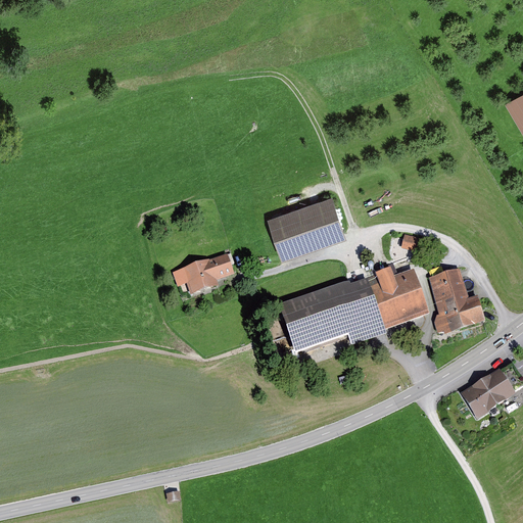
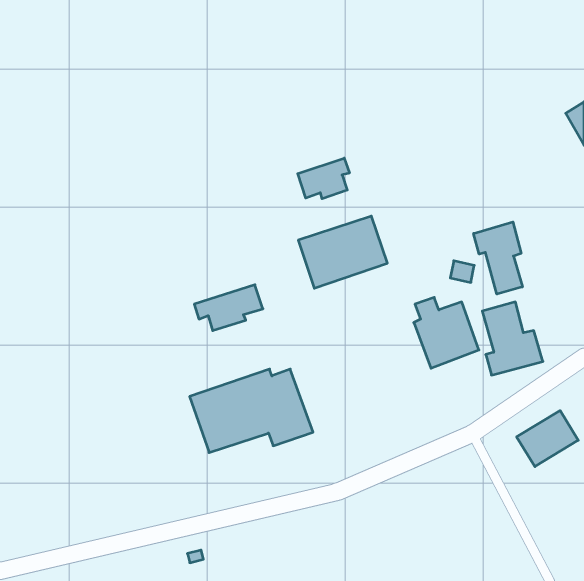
building: none -> [298,158,349,199]
building: none -> [474,222,522,294]
building: [275,279,385,353] -> [190,369,313,453]

